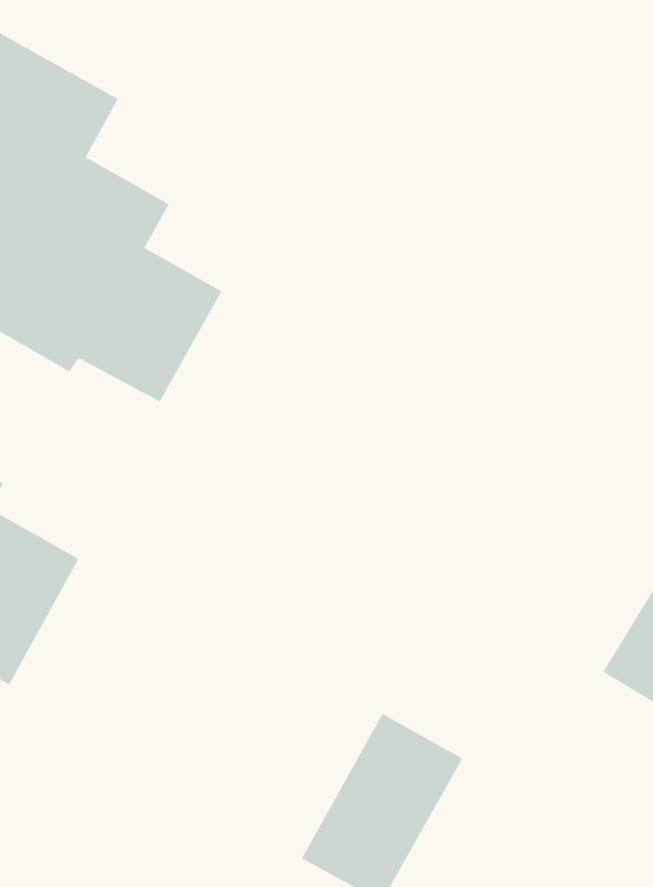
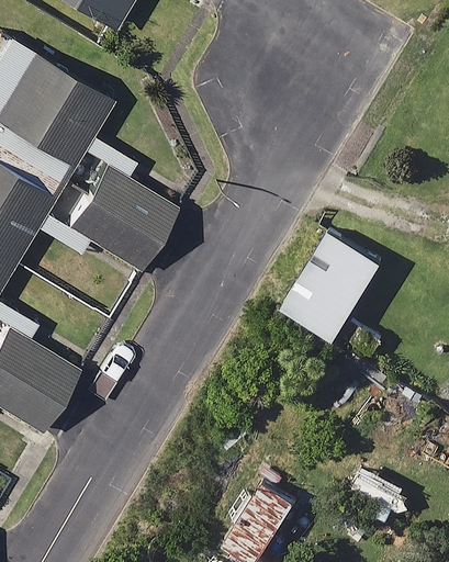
building: none -> [288,232,390,341]

